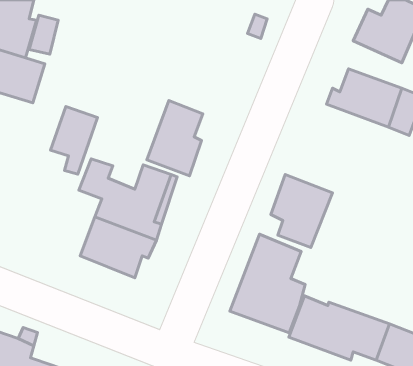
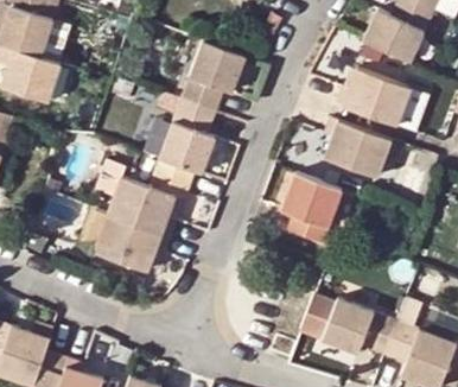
building: none -> [180,43,243,114]
building: [50,107,98,174] -> none
building: none -> [322,120,389,179]
building: [230,234,305,333] -> none

